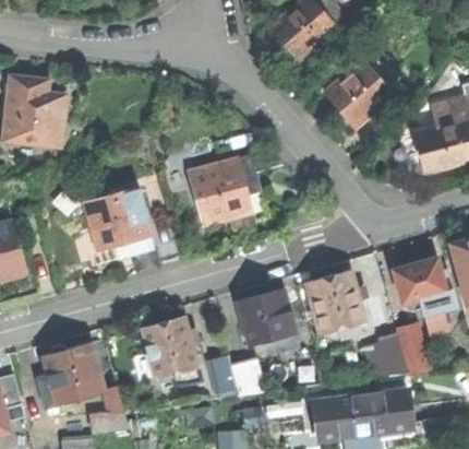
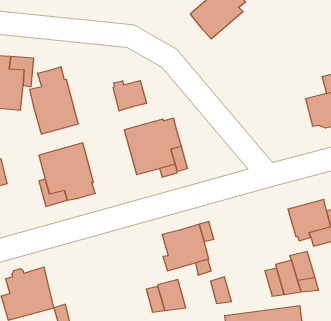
building: [326,52,393,127] -> none
building: none -> [30,67,78,134]
building: none -> [113,80,147,111]
building: [304,270,363,339] -> none
building: [141,317,197,386] -> none

